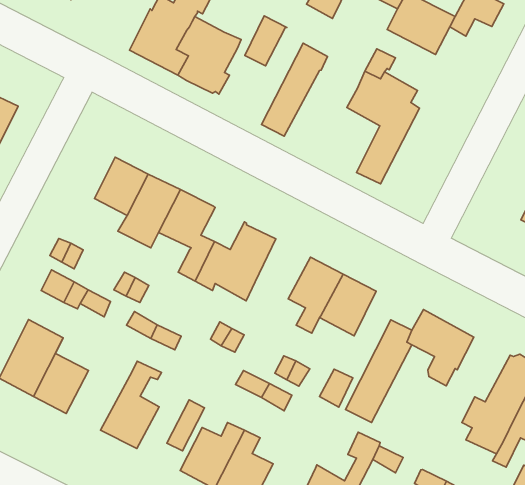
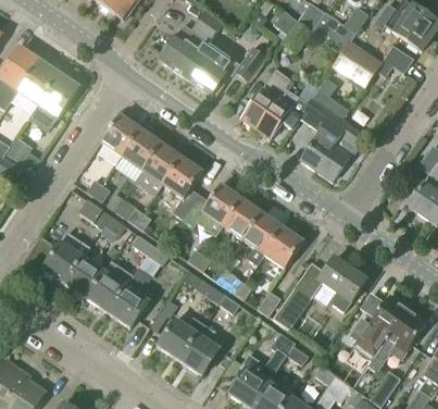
building: none -> [255,87,309,138]
building: none -> [316,121,364,179]
building: none -> [102,113,140,154]
building: none -> [224,197,263,238]
building: none -> [86,259,134,311]

